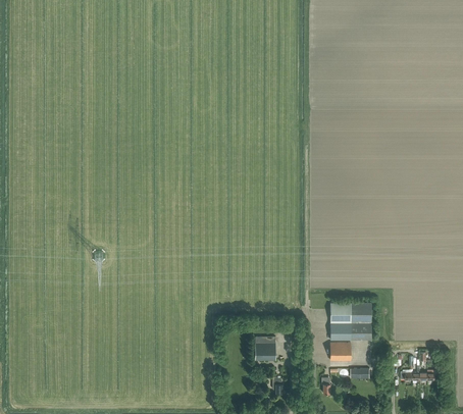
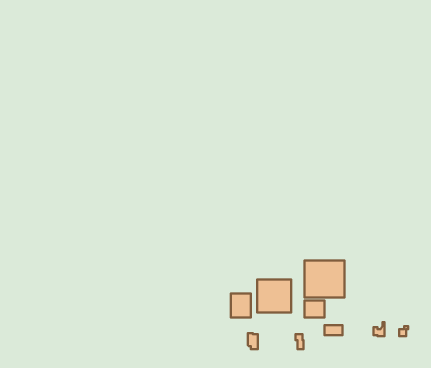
building: none -> [257,280,291,312]

